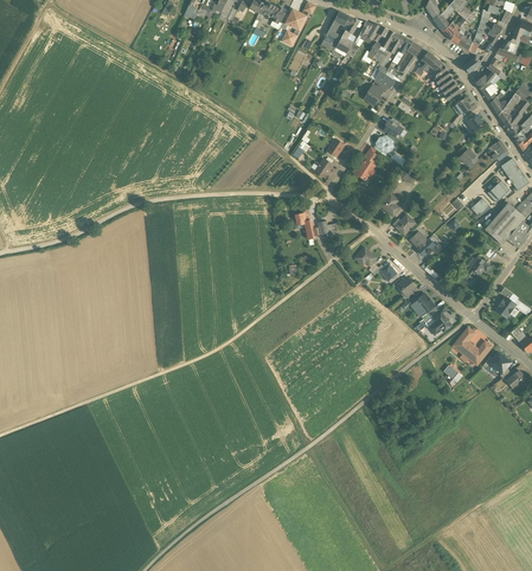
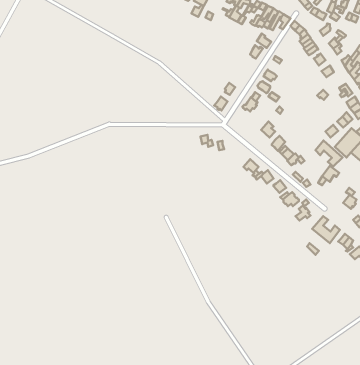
building: none -> [315,140,342,167]

